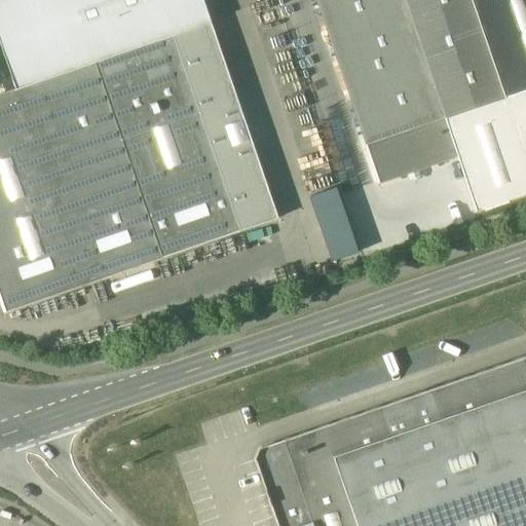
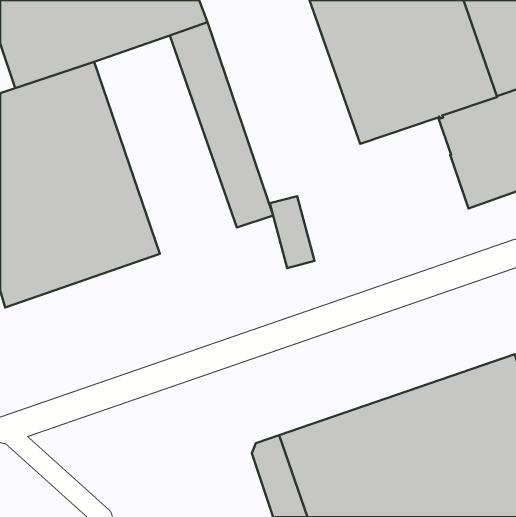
building: [97,36,241,258] -> none
building: [367,119,459,184] -> none
building: [311,188,356,261] -> [270,196,314,268]

